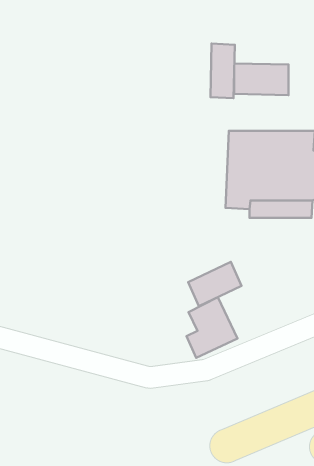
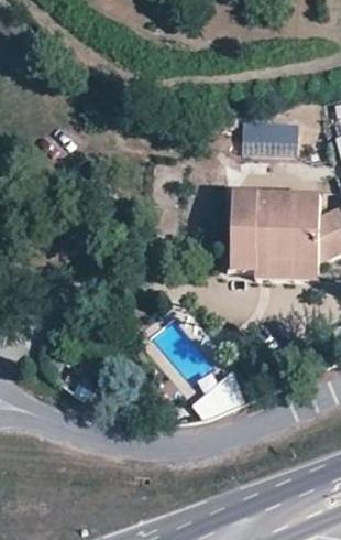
building: [210,44,235,98] -> none
building: [188,262,242,306] -> none

